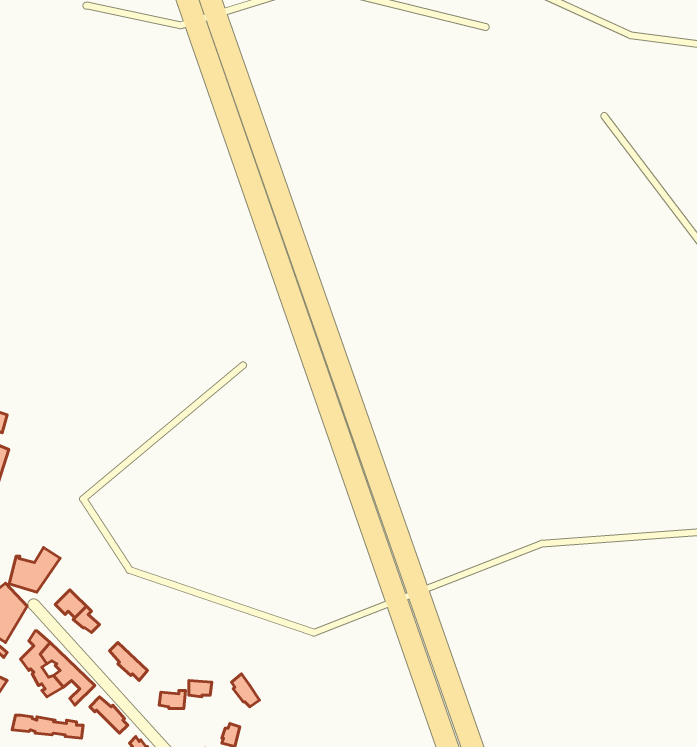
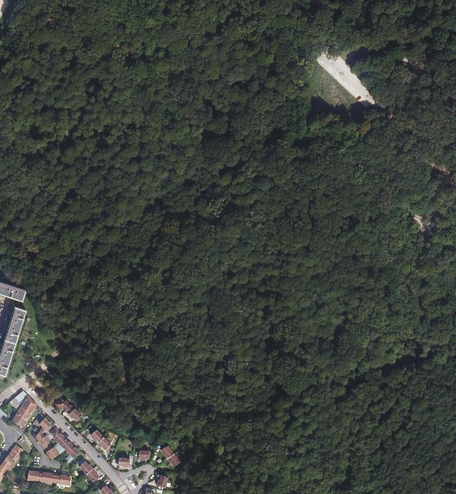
building: [9,548,60,592] -> none

